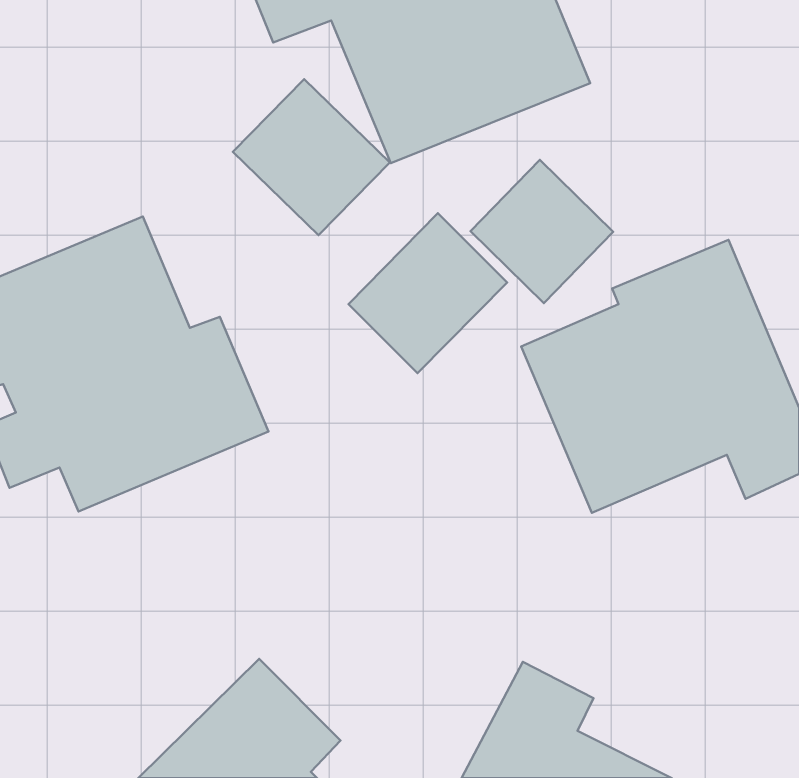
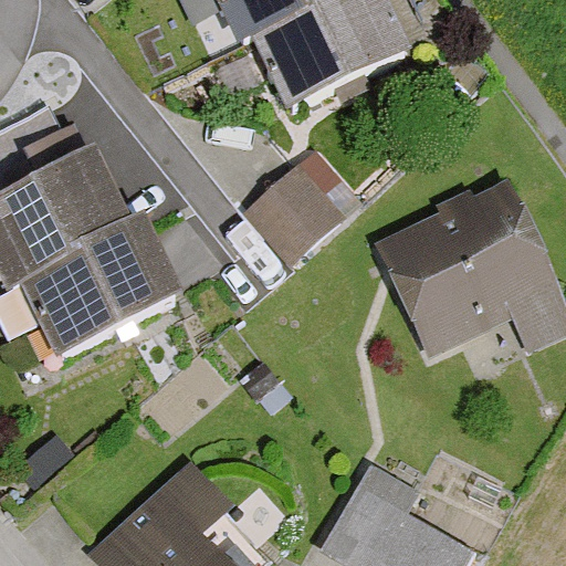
building: [233,79,390,235] -> none
building: [471,160,613,303] -> none

